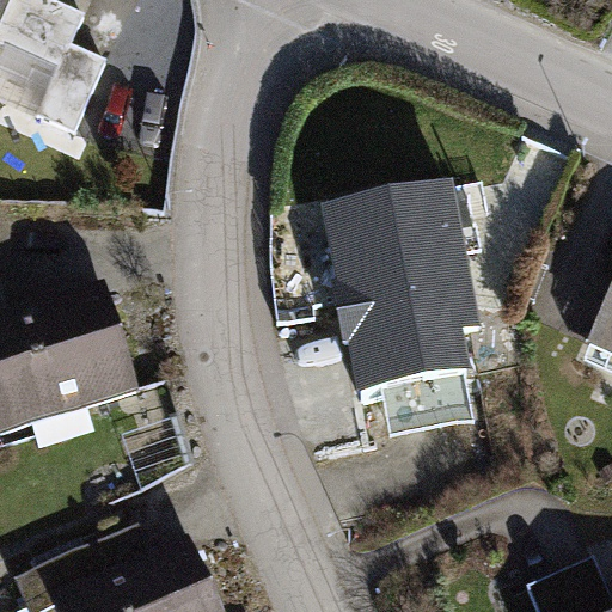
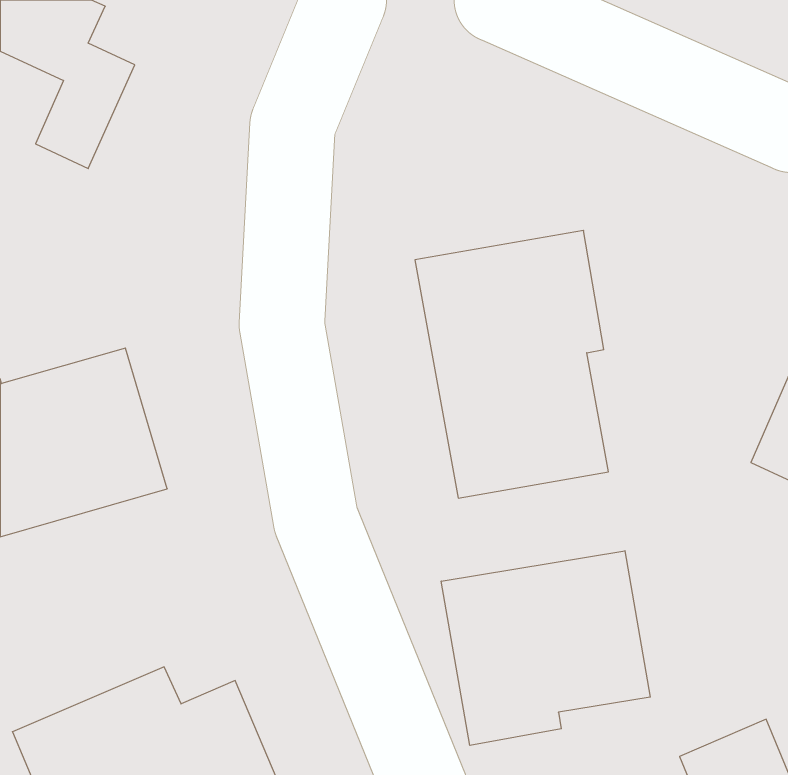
building: none -> [441,551,650,745]

